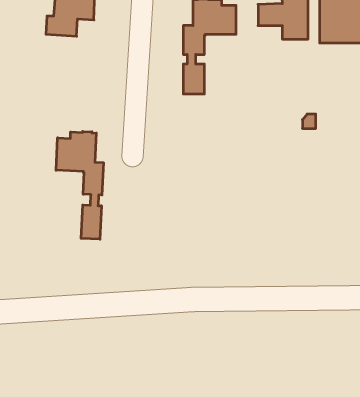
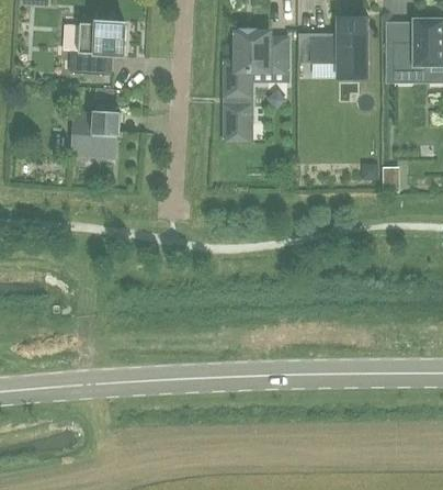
building: none -> [75,111,120,156]
building: [56,131,103,239] -> none

